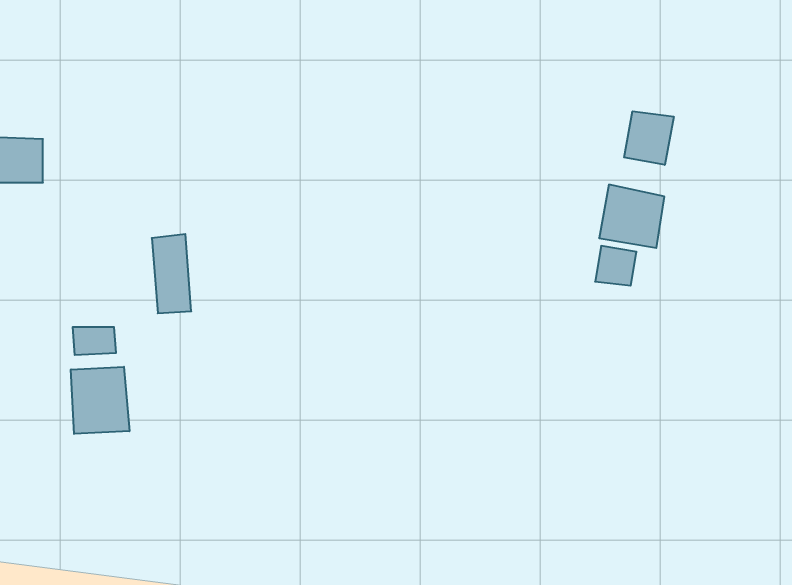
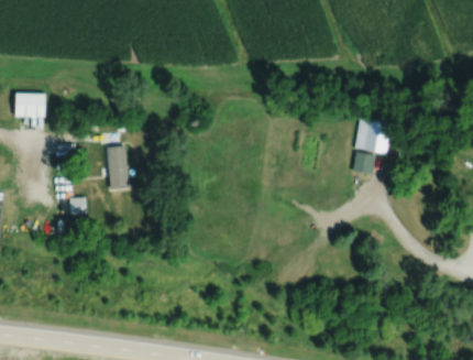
building: [624,111,674,165] -> none
building: [71,367,129,434] -> none

